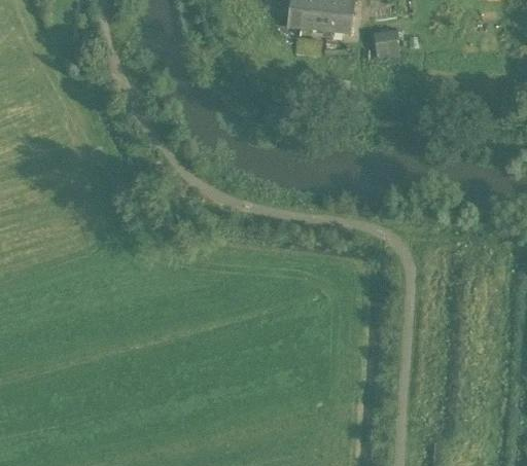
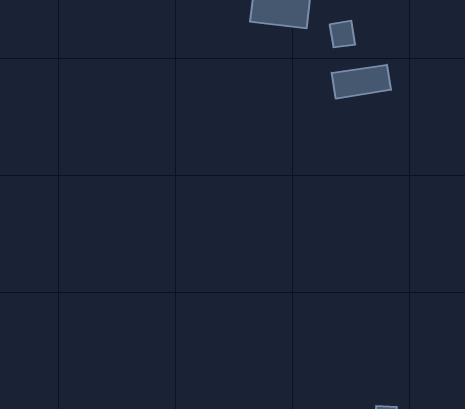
building: none -> [332,65,391,99]

